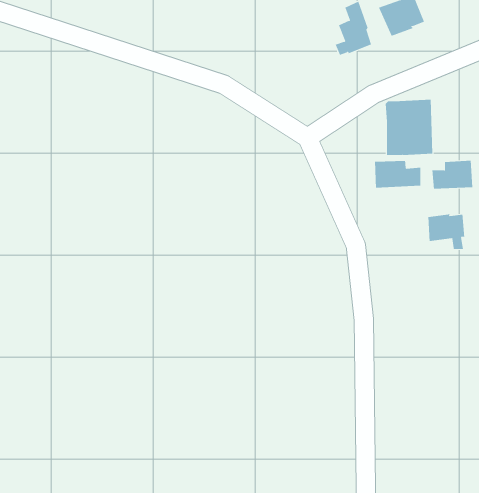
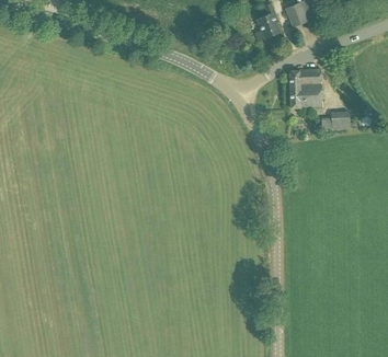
building: [375,160,421,188] -> none
building: [428,214,465,250] -> none

